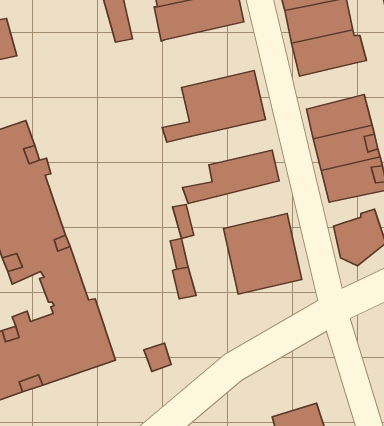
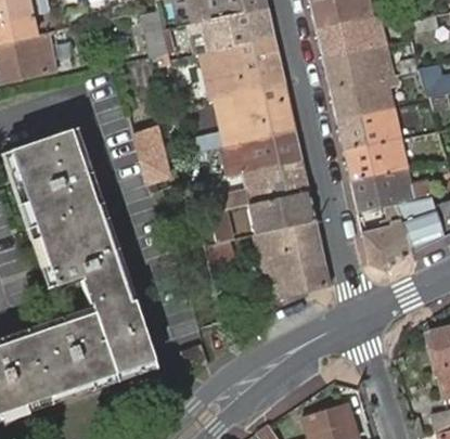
building: none -> [200,38,285,102]
building: none -> [329,77,390,121]
building: none -> [136,129,169,185]
building: none -> [224,131,303,177]
building: none -> [249,190,317,235]

